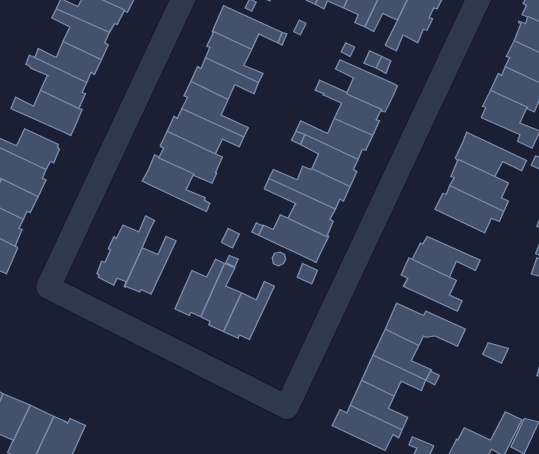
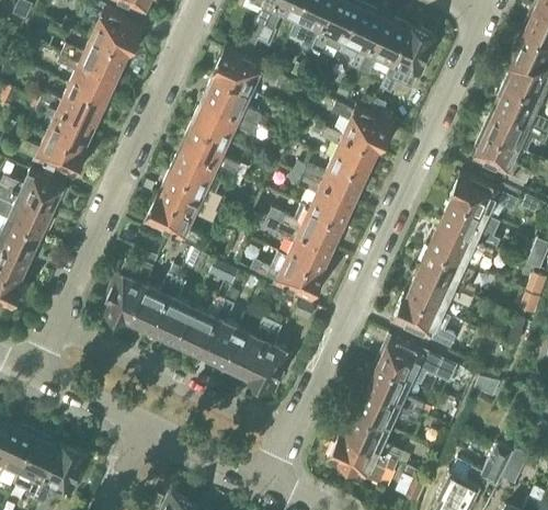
building: none -> [421,247,477,296]
building: none -> [153,277,193,343]
building: none -> [246,321,290,390]

